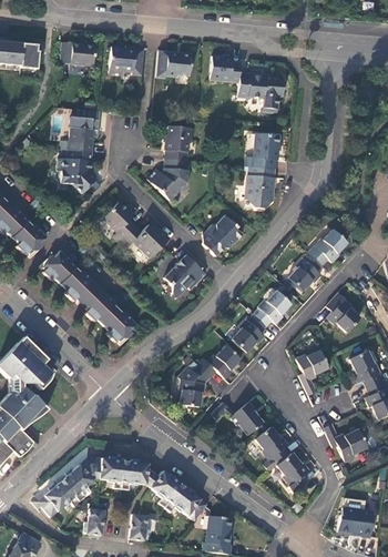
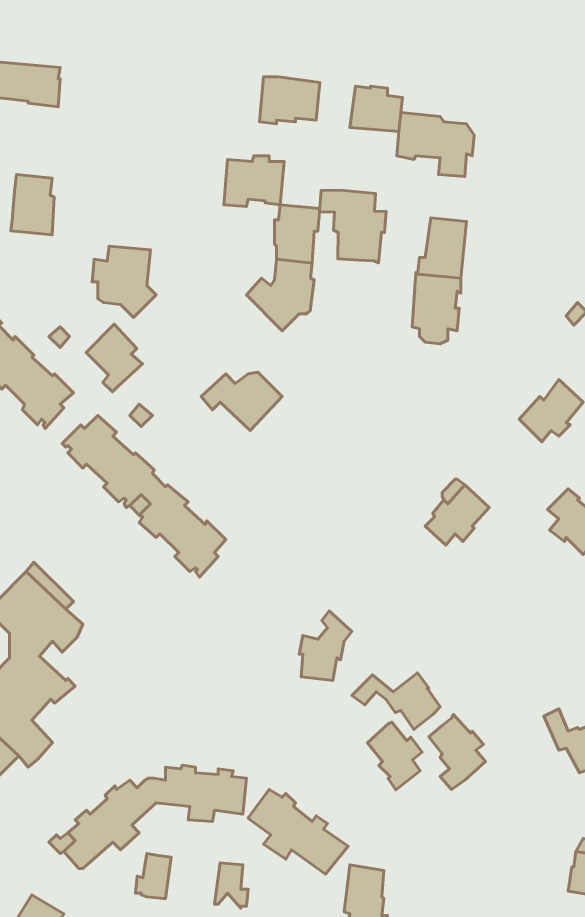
building: [60,40,95,64] -> none
building: [109,44,144,74] -> [224,156,284,207]
building: [68,115,93,151] -> [11,175,54,235]
building: none -> [320,190,386,263]
building: [103,201,136,241] -> [86,324,142,392]
building: [203,214,243,255] -> none
building: [289,251,323,291] -> none
building: [164,253,206,293] -> none
building: [232,314,266,352] -> none
building: [197,344,241,378] -> none
building: [296,350,328,393] -> none
building: [277,452,309,492] -> [367,722,422,790]

